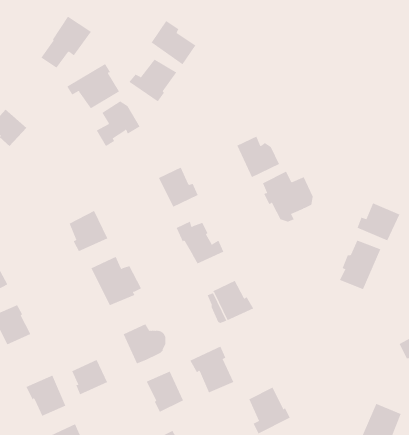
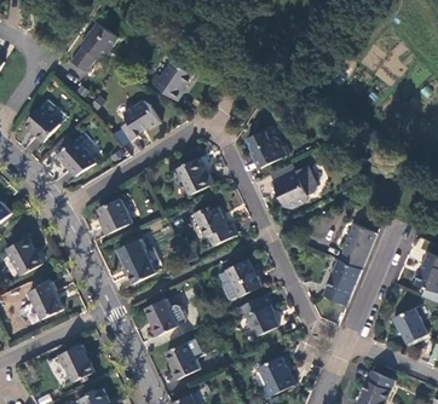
building: [151,20,196,65] -> none
building: [67,63,120,109] -> none
building: none -> [57,138,96,175]
building: [357,202,400,241] -> none
building: none -> [321,259,359,305]
building: [190,346,234,393] -> [237,294,277,336]
building: [72,359,108,395] -> none

